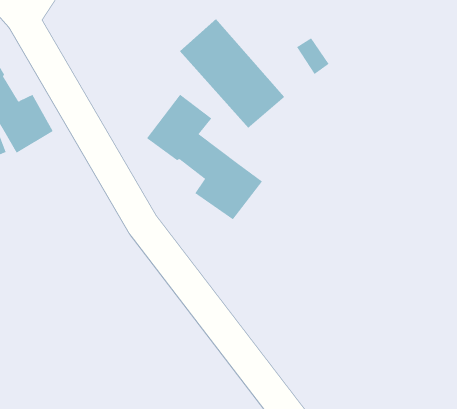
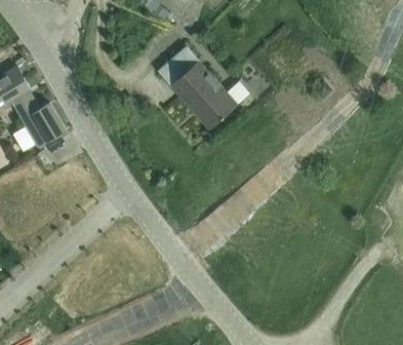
building: [146,94,263,220] -> none

